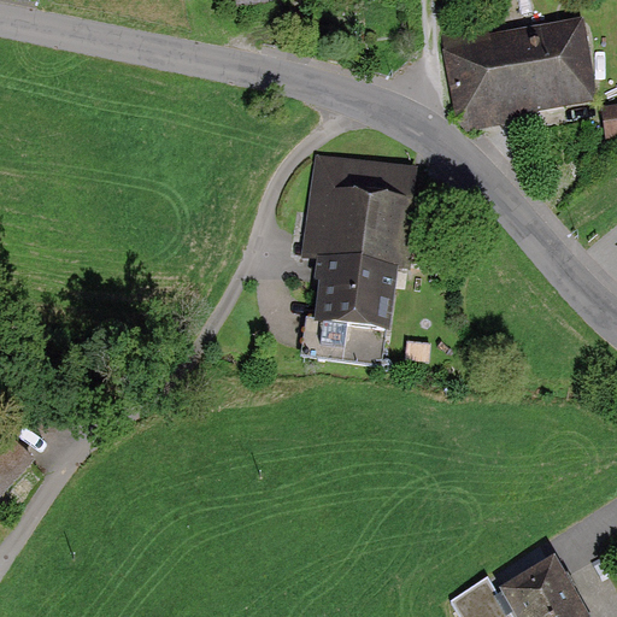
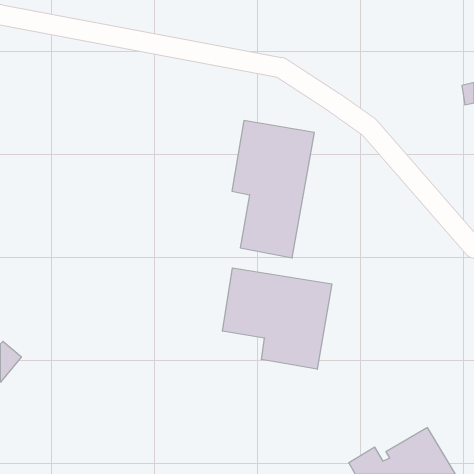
building: [442,18,594,122] -> none
building: none -> [223,268,332,369]

